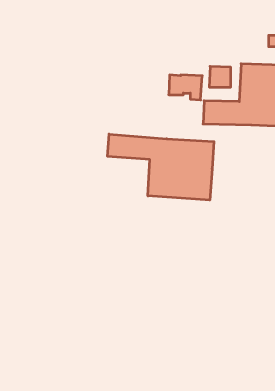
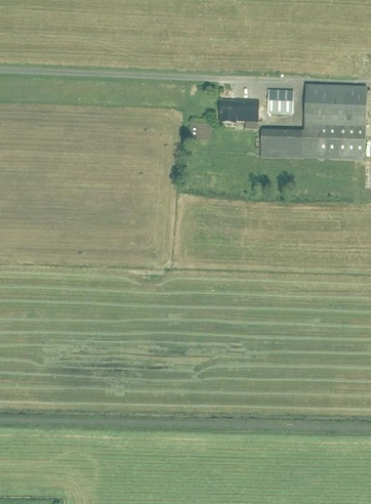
building: [108,134,214,200] -> none

